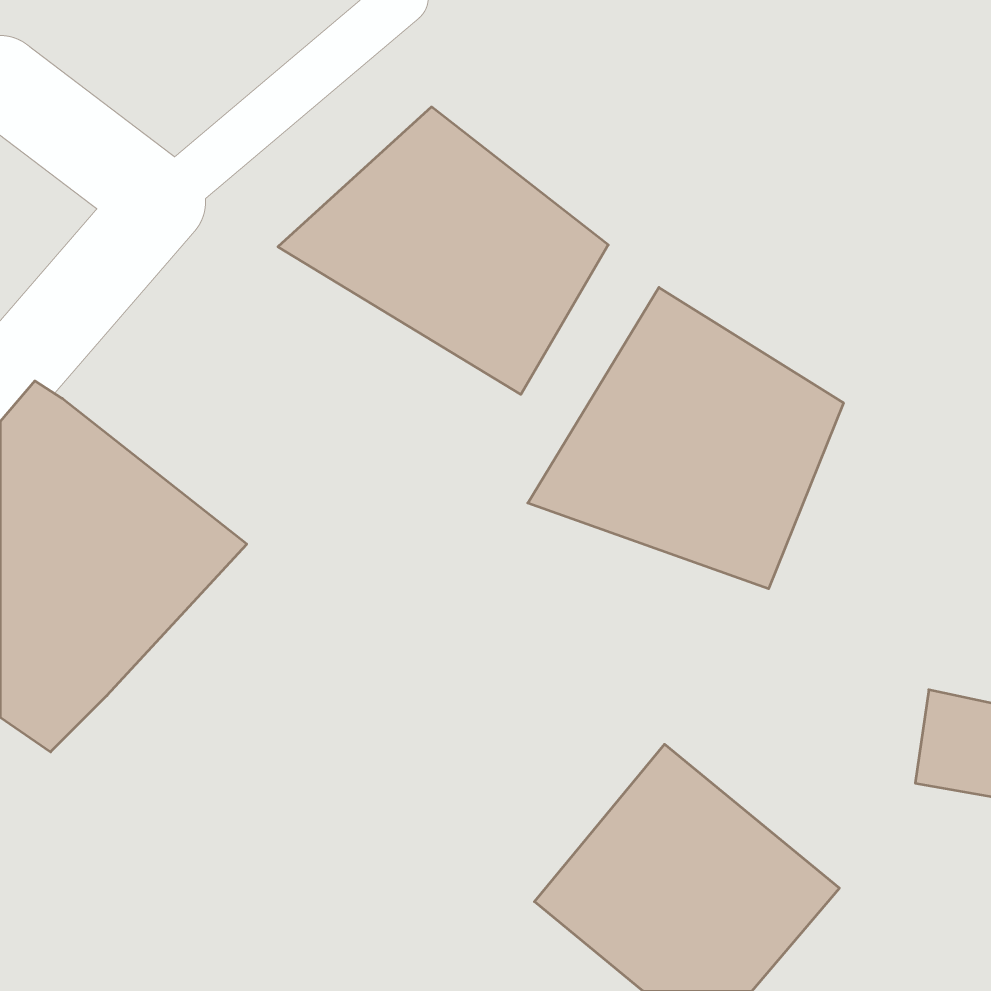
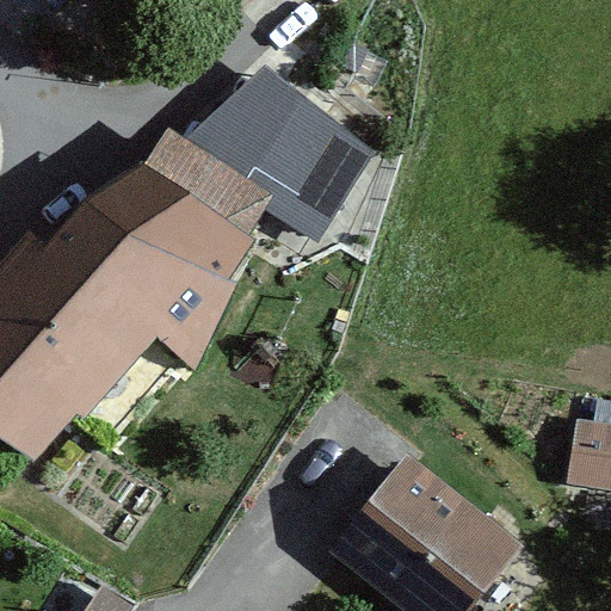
building: none -> [39,160,253,364]
building: [528,287,843,589] -> none

